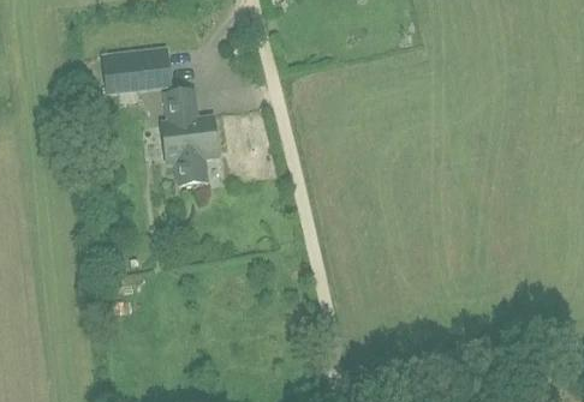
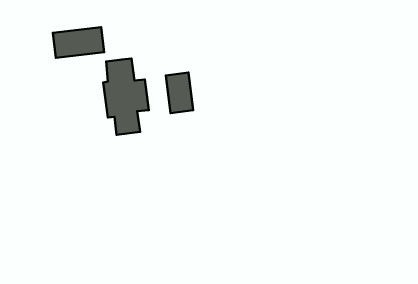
building: none -> [166,73,193,113]

